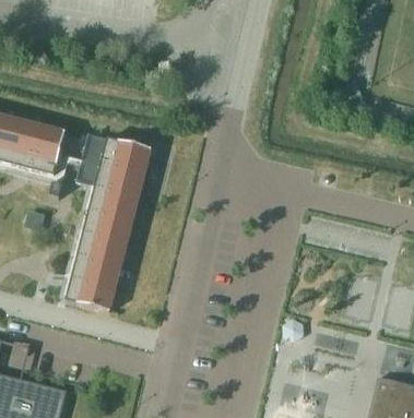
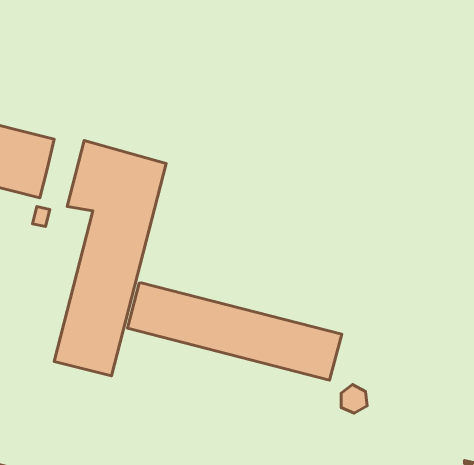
building: none -> [128,283,342,380]

